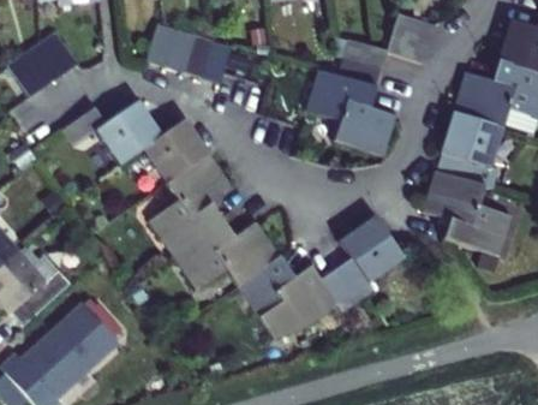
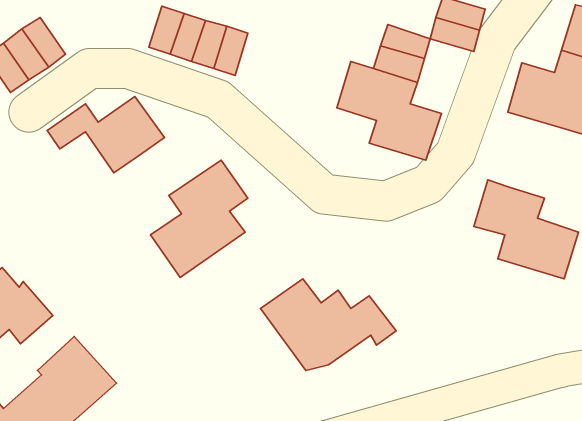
building: [441,113,502,189] -> none
building: [141,118,209,184] -> none
building: [174,215,279,287] -> none
building: [335,216,401,299] -> none

